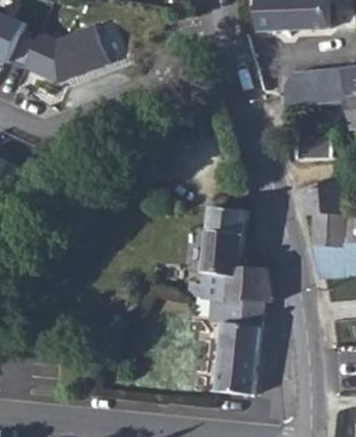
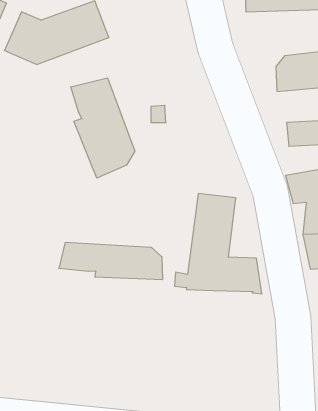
building: none -> [71,78,135,178]
building: none -> [59,242,163,280]
building: [212,299,262,395] -> none

